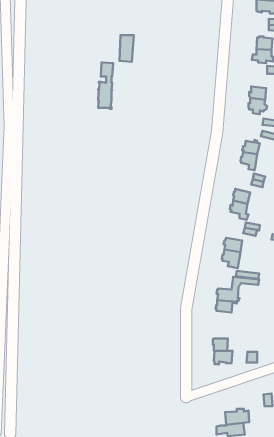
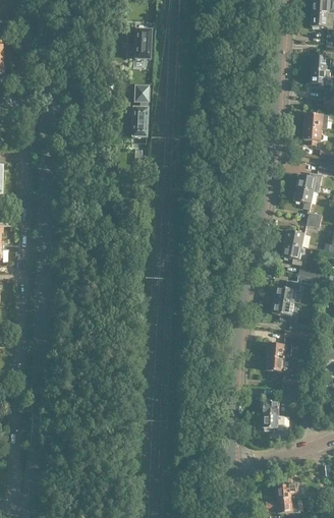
building: [120,35,134,62] -> [135,28,152,59]

